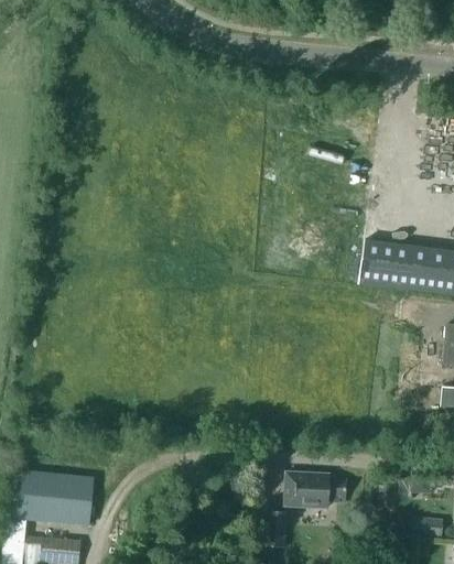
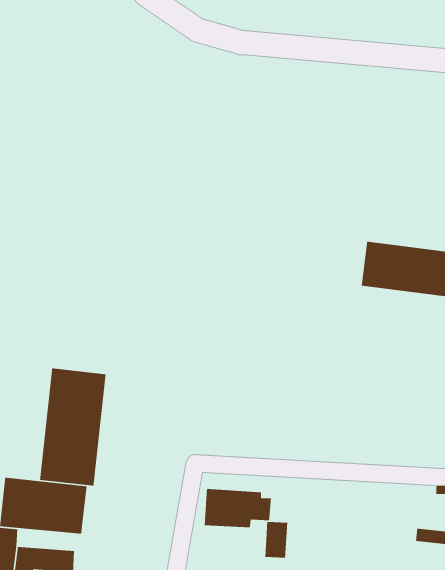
building: none -> [39,368,106,487]
building: [282,469,348,508] -> [204,488,272,528]

